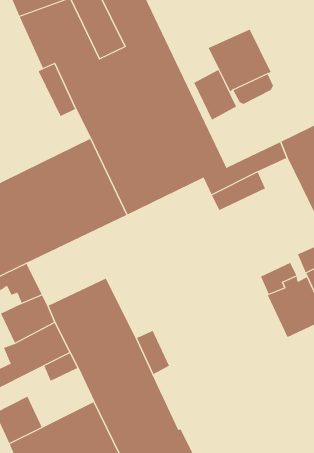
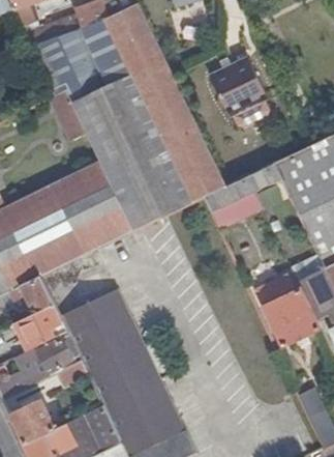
building: [193,69,237,120] -> none

